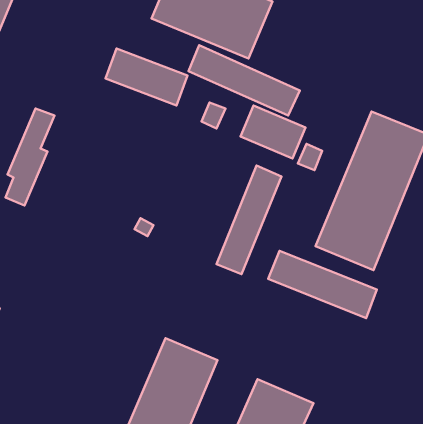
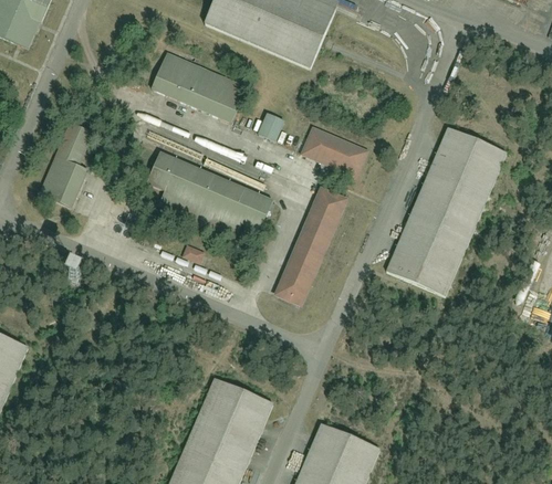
building: [188,45,300,116] -> none
building: none -> [142,150,271,243]
building: [298,144,322,170] -> none
building: [268,251,377,318] -> none

